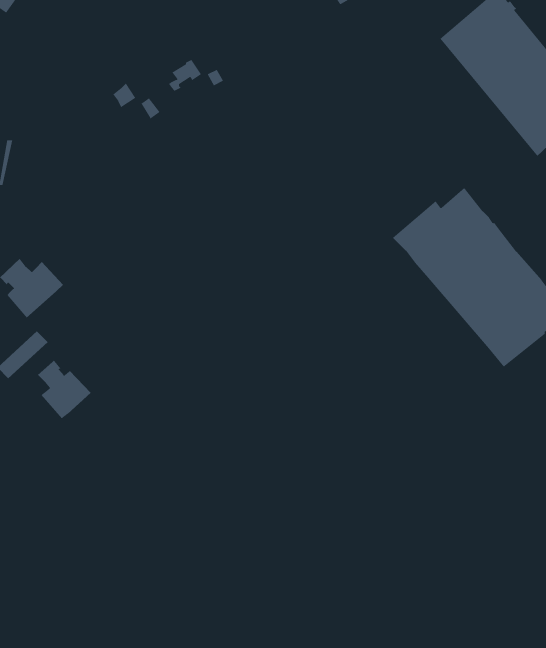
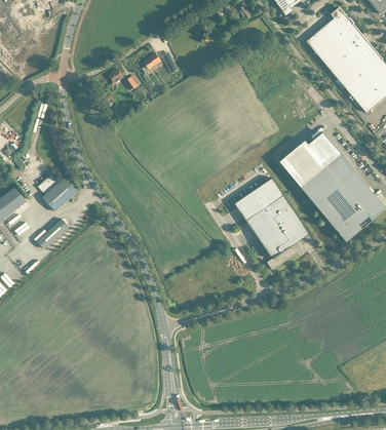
building: none -> [233,178,309,270]
building: [37,359,91,419] -> none

